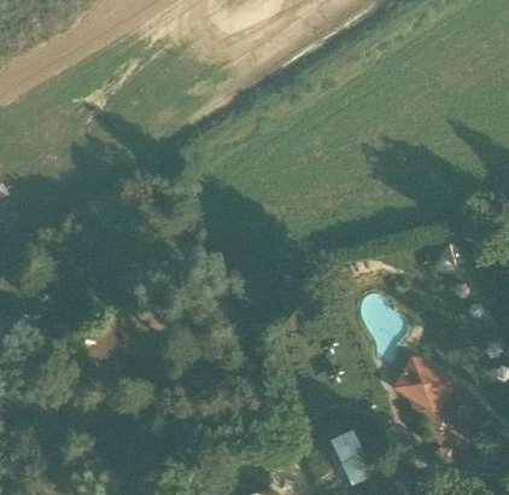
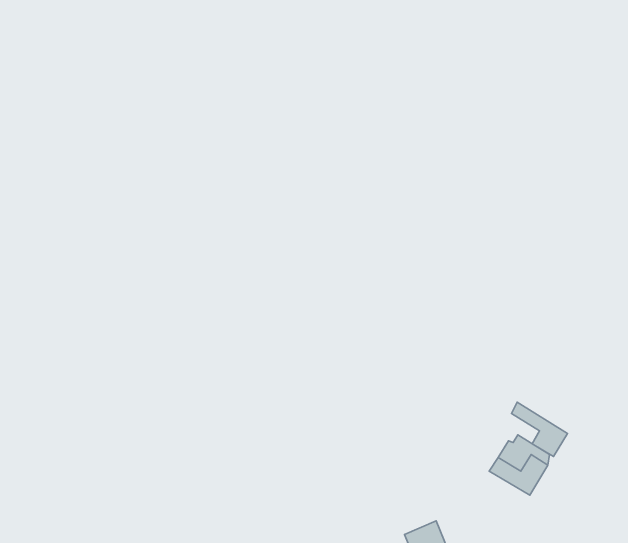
building: none -> [511,402,567,456]

